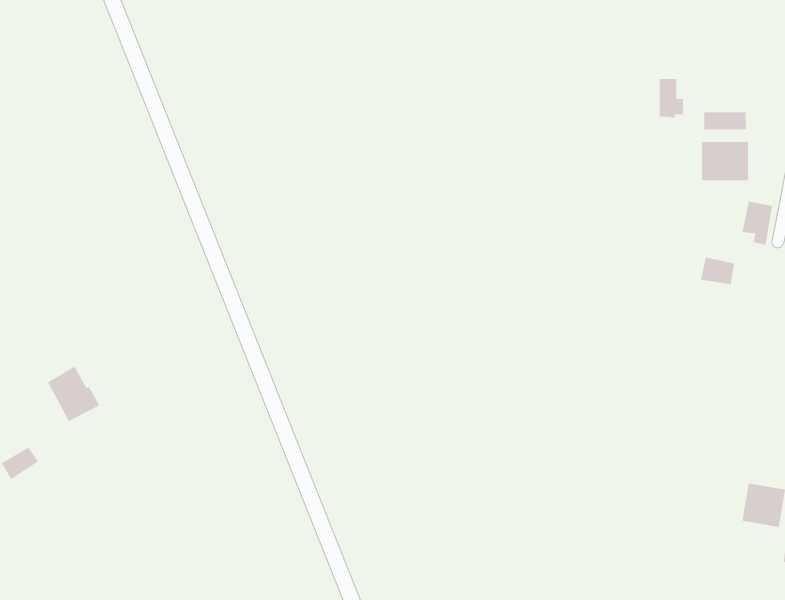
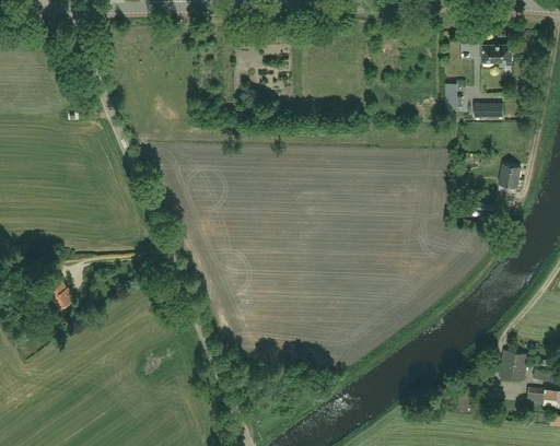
building: none -> [481,45,511,62]
building: [702,141,749,181] -> none

